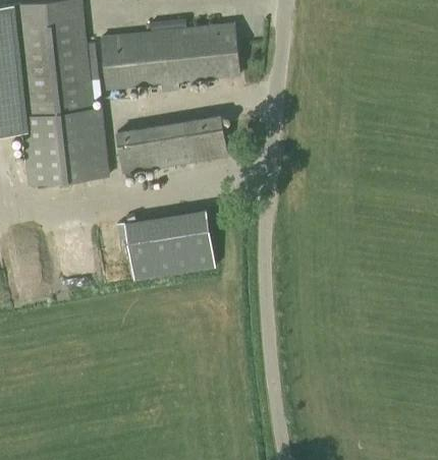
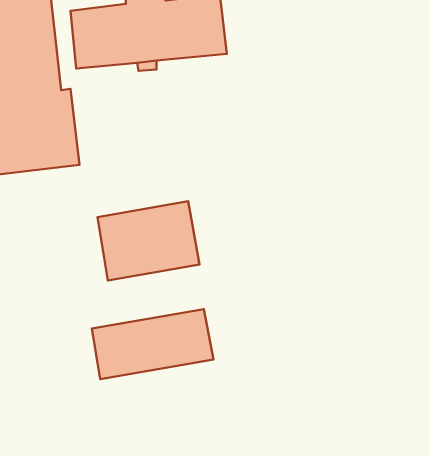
building: [116,116,227,173] -> none
building: none -> [92,309,213,379]

